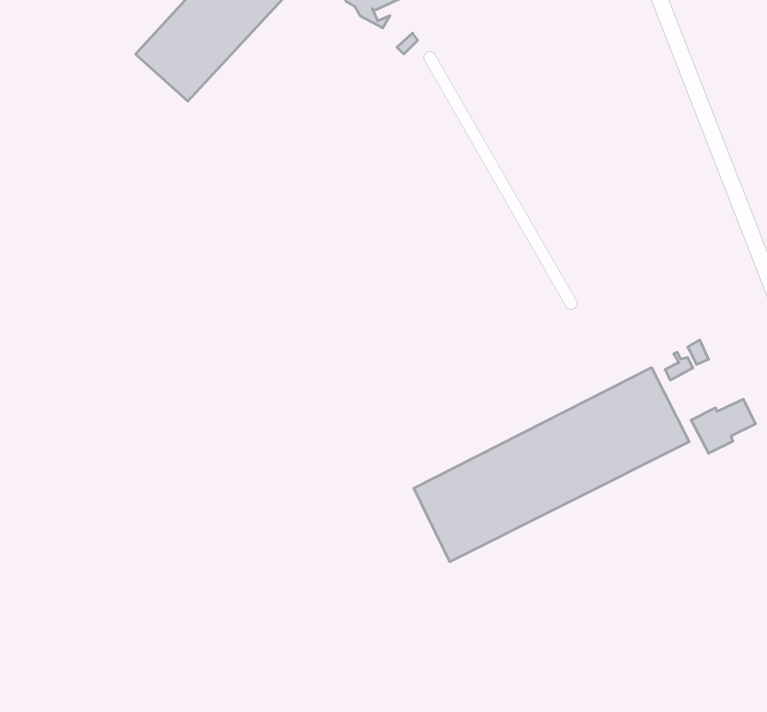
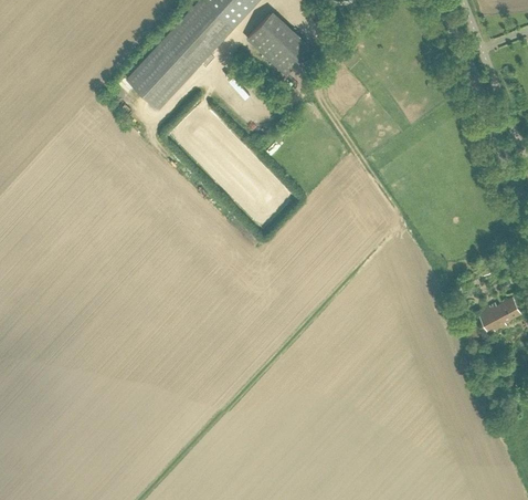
building: [414,368,689,562] -> none

